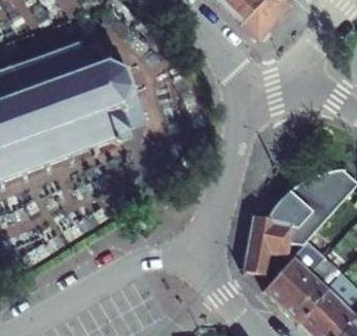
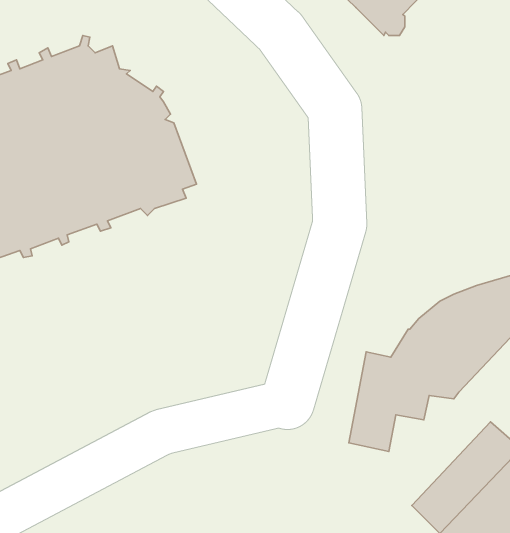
building: [256,245,321,312] -> none

